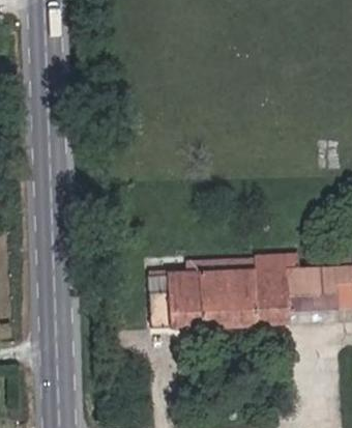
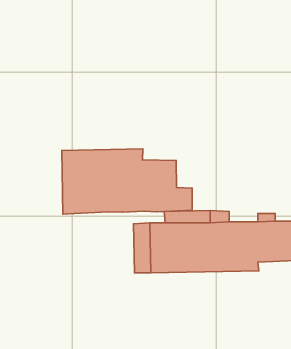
building: none -> [62,149,192,214]

